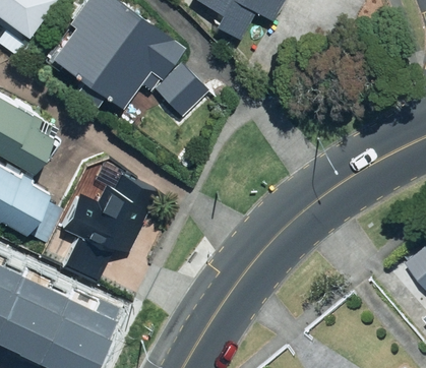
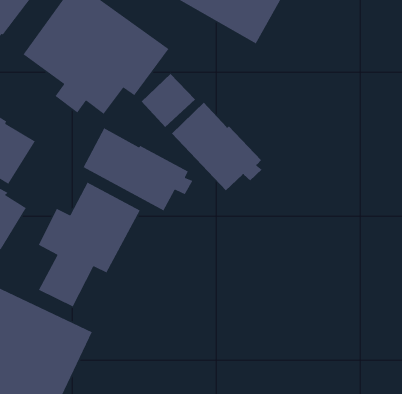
building: none -> [171,102,262,191]
building: none -> [82,127,193,212]

